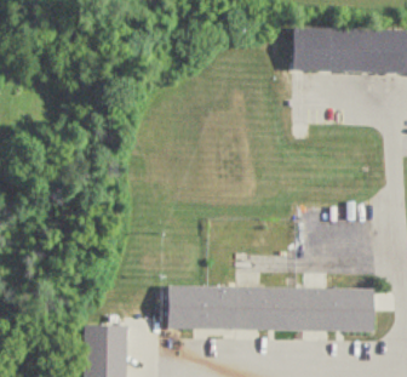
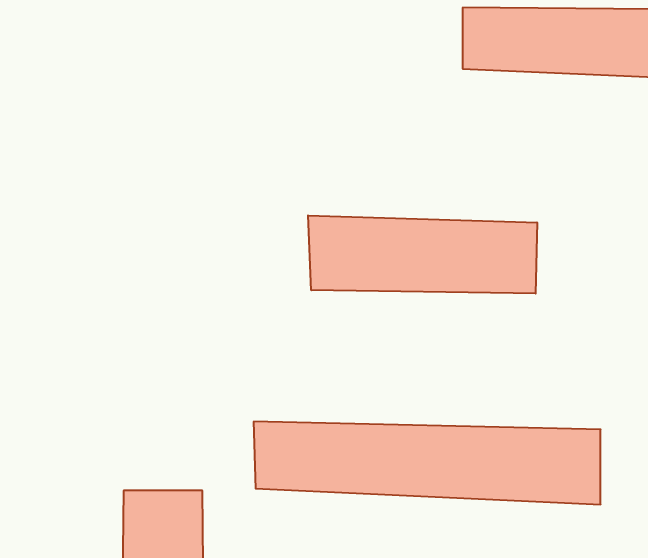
building: none -> [308,215,537,294]

